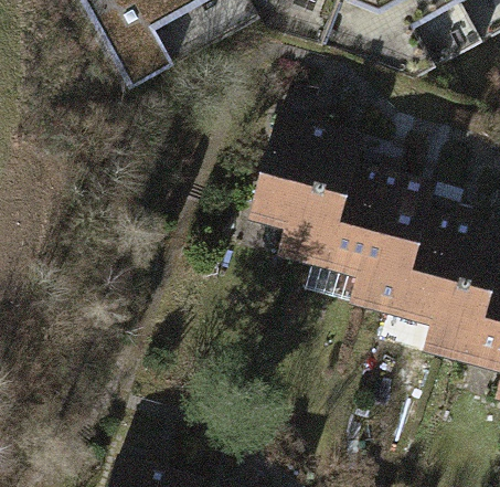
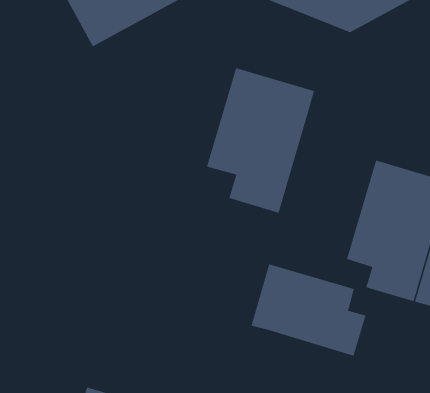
building: [326,153,438,313] -> none
building: none -> [251,263,366,356]

